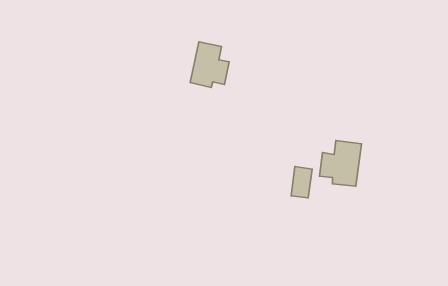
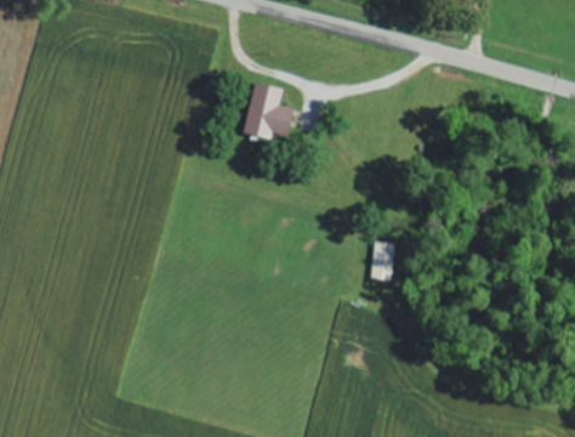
building: [319,141,361,186] -> none

